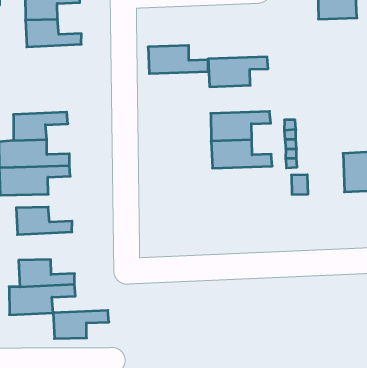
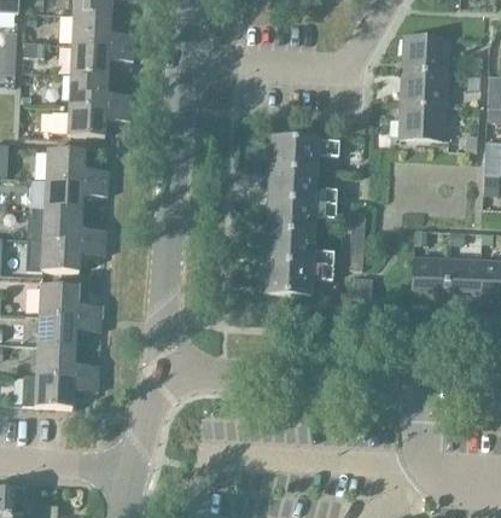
building: none -> [398,103,443,139]
building: none -> [52,105,130,138]
building: [148,45,208,74] -> [269,168,337,202]
building: none -> [47,150,109,182]
building: none -> [264,260,333,295]
building: [53,310,109,339] -> [39,315,101,347]

